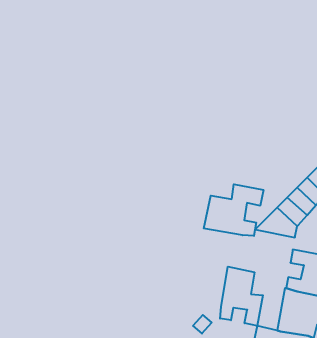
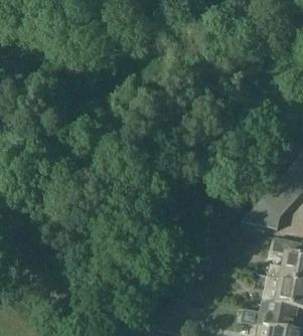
building: [204,184,263,236] -> none
building: [220,267,263,326] -> none

